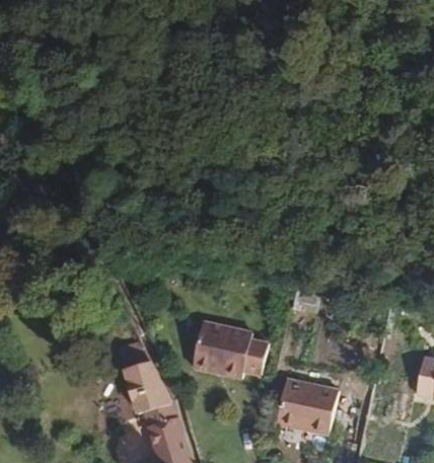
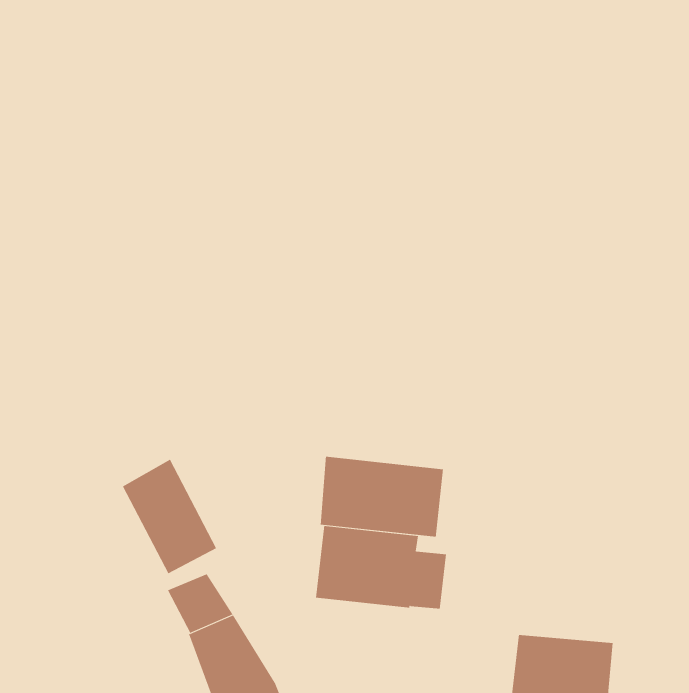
building: none -> [122,459,217,574]
building: none -> [320,456,444,538]

